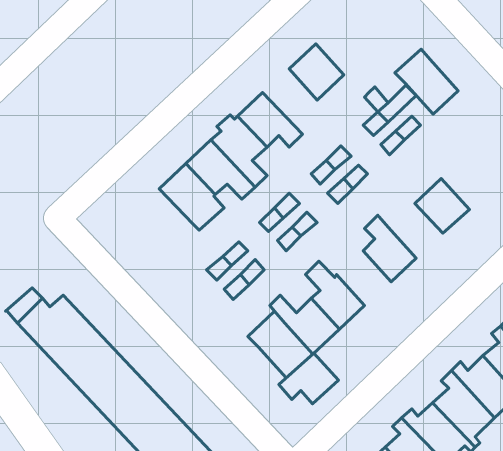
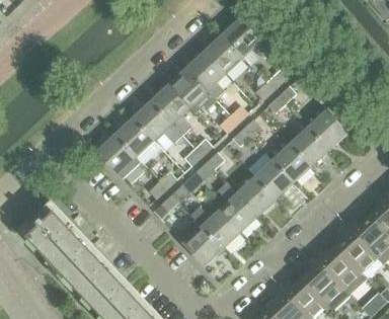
building: none -> [224,19,261,57]
building: [395,49,458,114] -> [303,104,346,149]
building: none -> [187,53,225,97]
building: none -> [98,135,140,176]
building: none -> [267,138,311,182]
building: none -> [238,177,276,215]
building: [279,353,339,404] -> none

